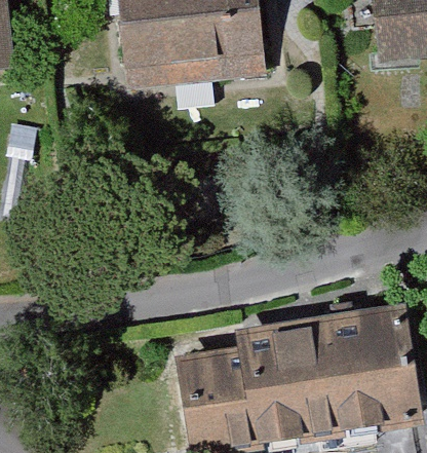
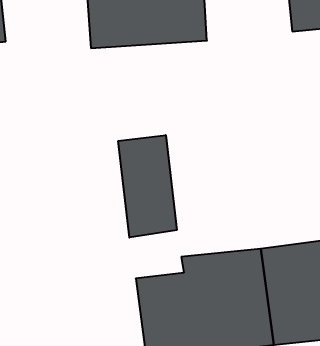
building: none -> [118,135,177,238]

